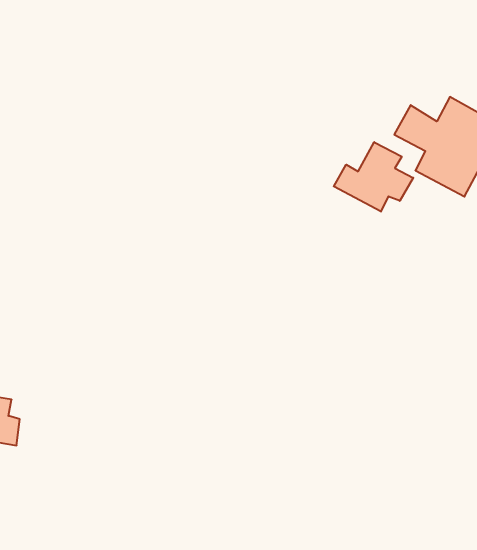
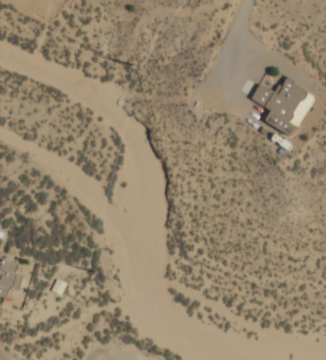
building: [334,142,413,212] -> none

